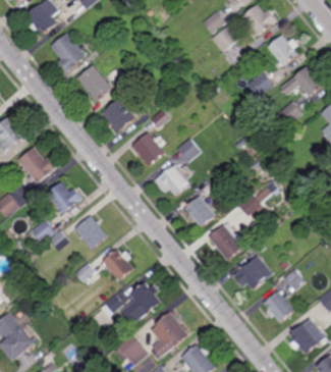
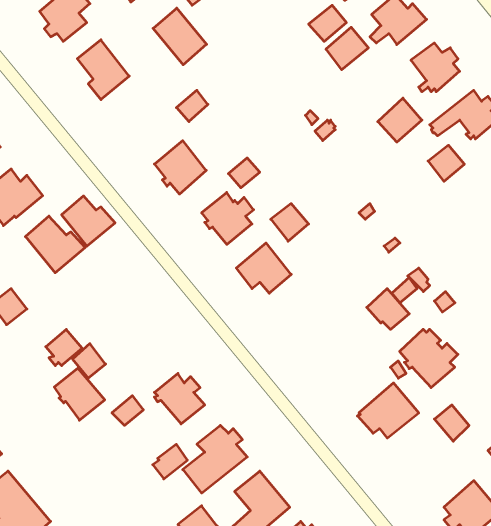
building: [76,64,111,101] -> [153,8,207,65]
building: [47,181,81,214] -> [62,196,115,246]
building: [184,196,215,227] -> none
building: [74,216,107,250] -> [54,368,105,420]
building: [208,223,245,261] -> [400,329,458,388]
building: [261,289,293,323] -> none

